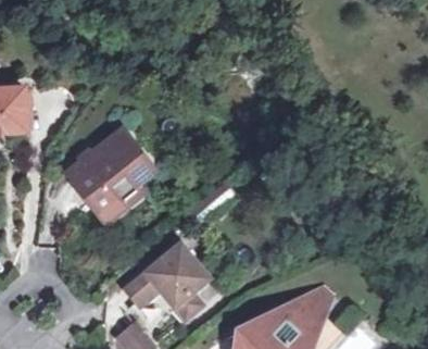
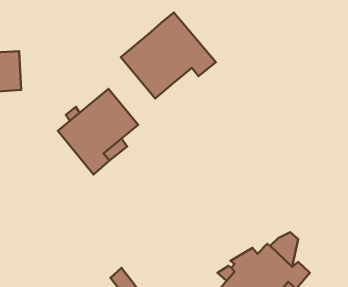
building: none -> [121,12,216,99]
building: [126,246,209,319] -> none

